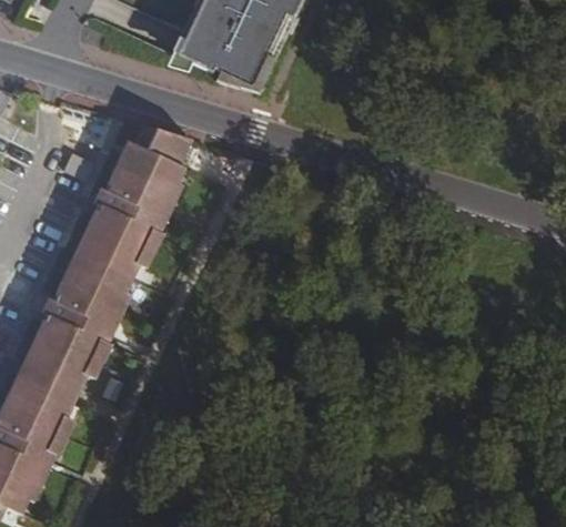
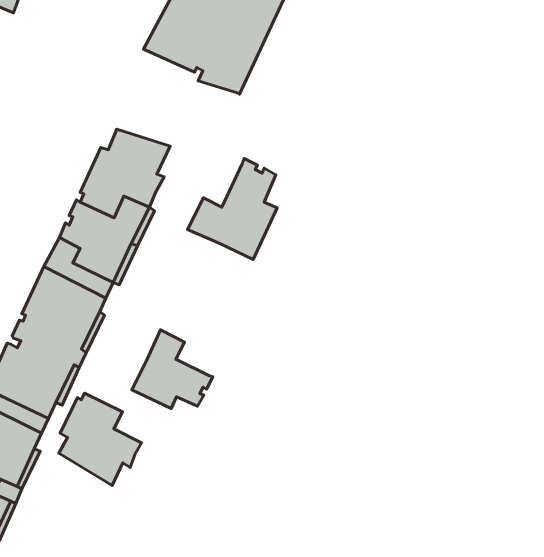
building: none -> [188,159,277,260]
building: none -> [132,330,213,409]
building: none -> [59,393,141,485]

